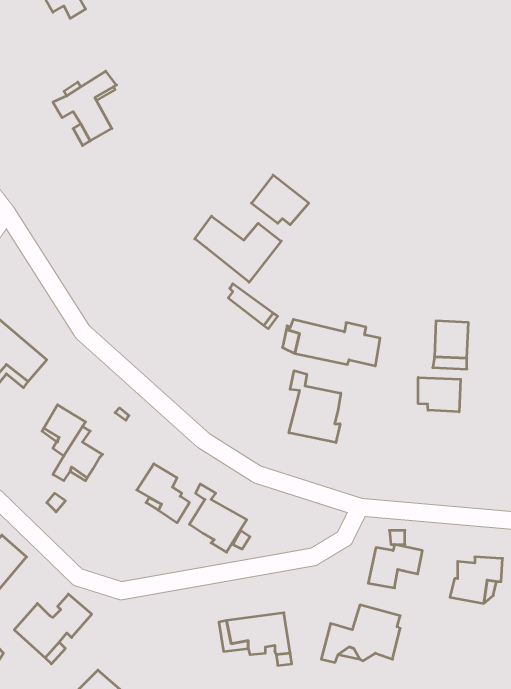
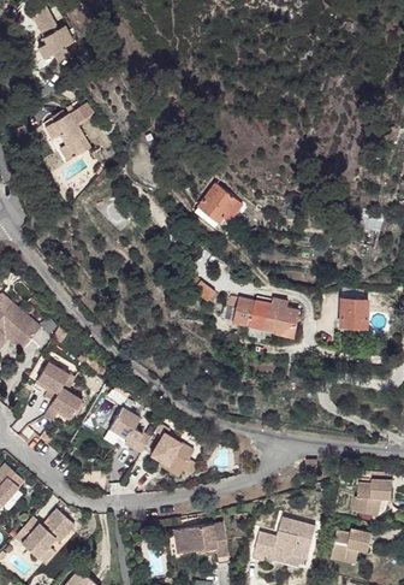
building: [195,216,281,282] -> none
building: [289,371,341,443] -> none
building: [418,377,461,412] -> none
building: [368,544,422,588] -> [331,528,373,562]

